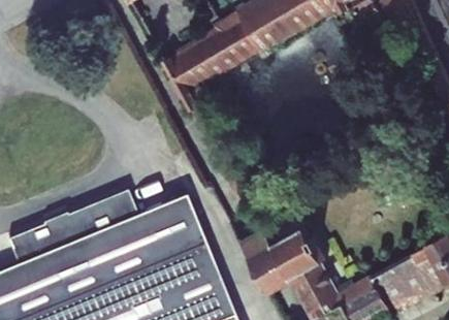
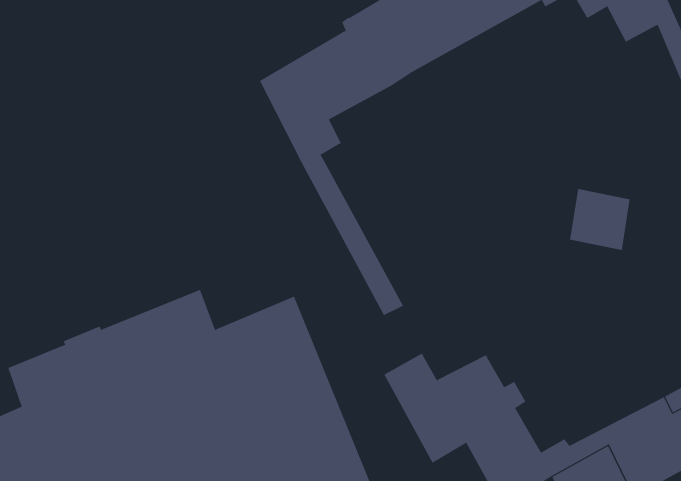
building: none -> [569,188,630,251]

